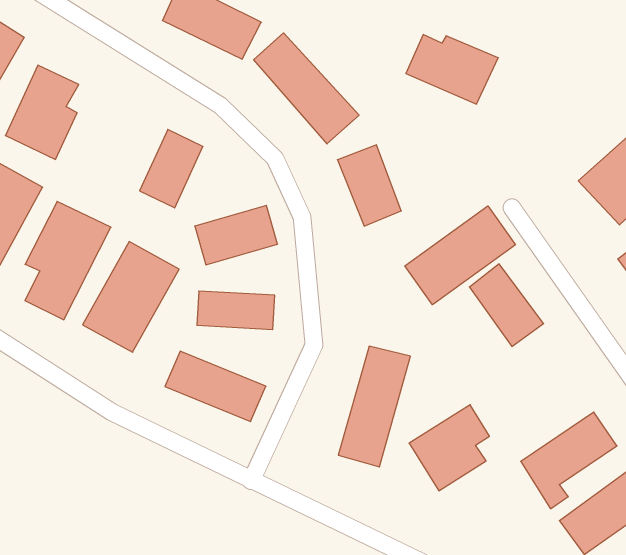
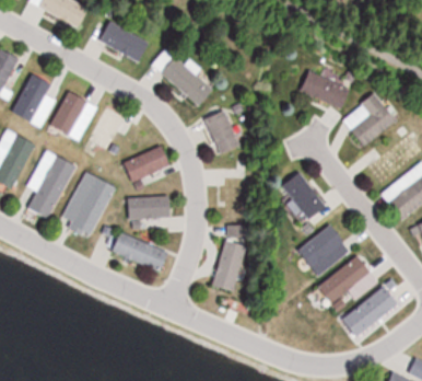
building: [406,34,498,104] -> [300,70,352,108]
building: none -> [48,91,96,141]
building: [405,206,515,305] -> none
building: [409,405,489,491] -> [297,226,343,276]

